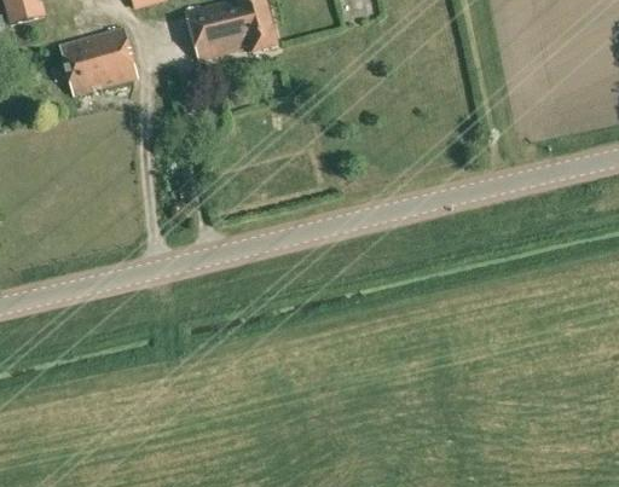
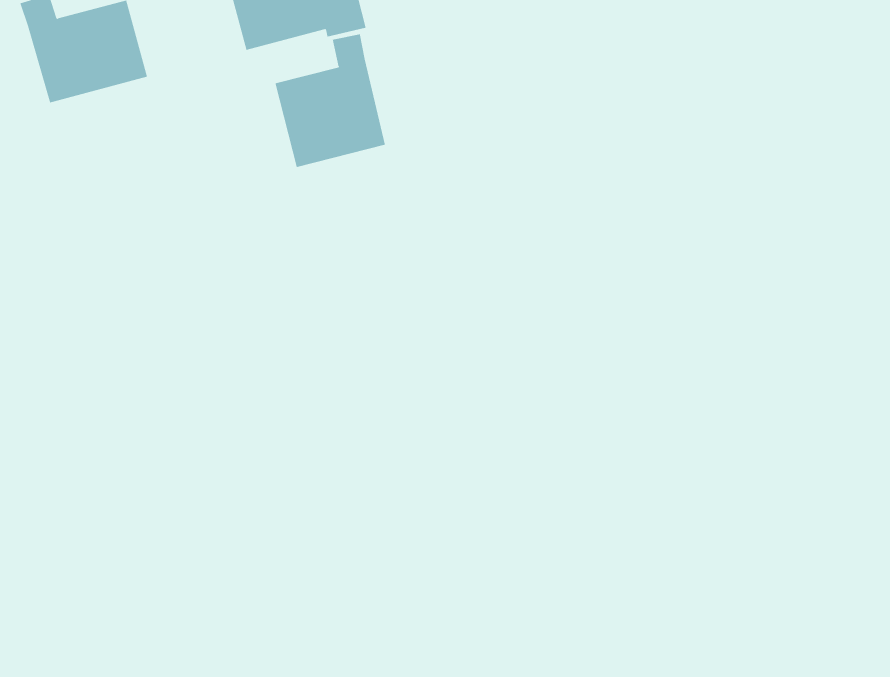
building: none -> [275,34,386,168]

